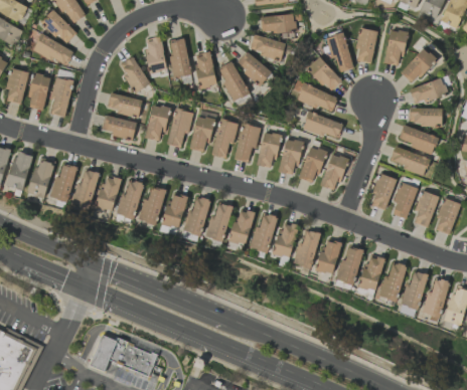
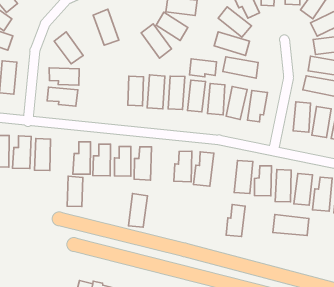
building: [144,36,167,74] -> none
building: [195,52,214,87] -> none
building: [144,105,169,142] -> none
building: none -> [190,59,217,77]
building: [166,109,191,148] -> none
building: [98,175,120,211] -> [67,176,83,206]
building: [206,202,232,241] -> [129,194,147,227]
building: [273,221,299,258] -> [226,204,245,236]
building: none -> [273,215,309,235]

